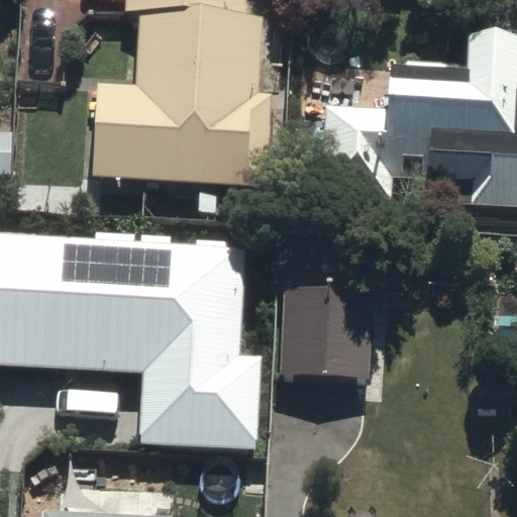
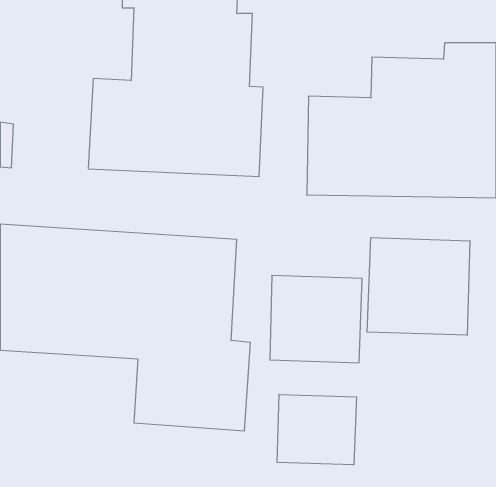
building: none -> [367,238,470,335]
building: none -> [277,394,357,465]

